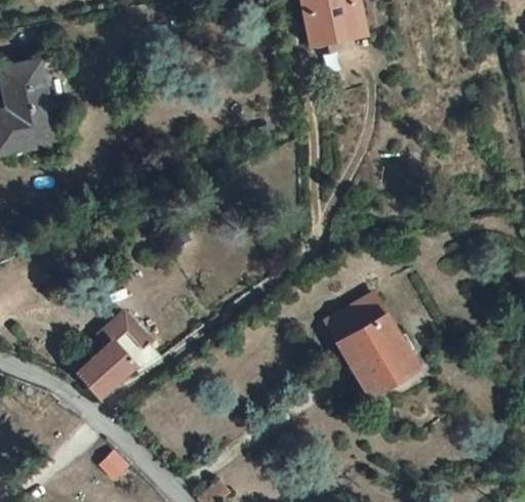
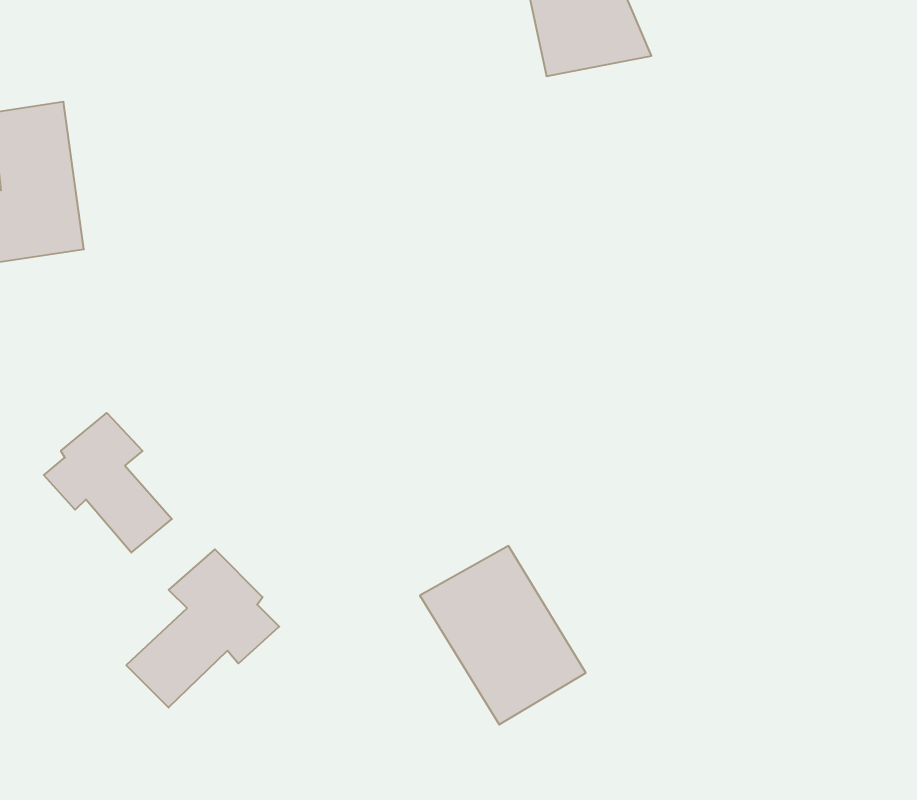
building: none -> [44,413,172,553]
building: [325,295,417,394] -> [420,546,586,725]

